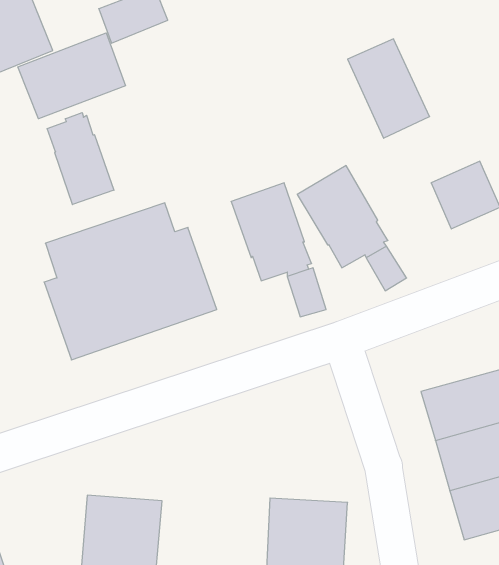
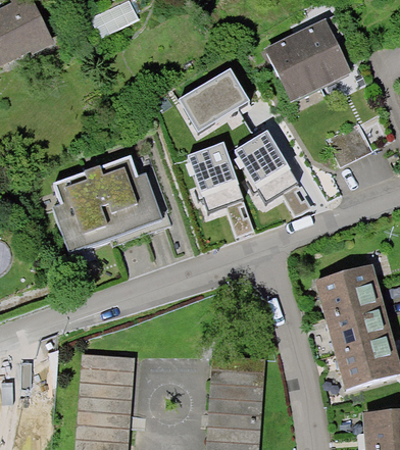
building: none -> [297,19,355,90]
building: [18,33,125,119] -> none
building: none -> [172,62,245,128]
building: [47,113,114,205] -> none

